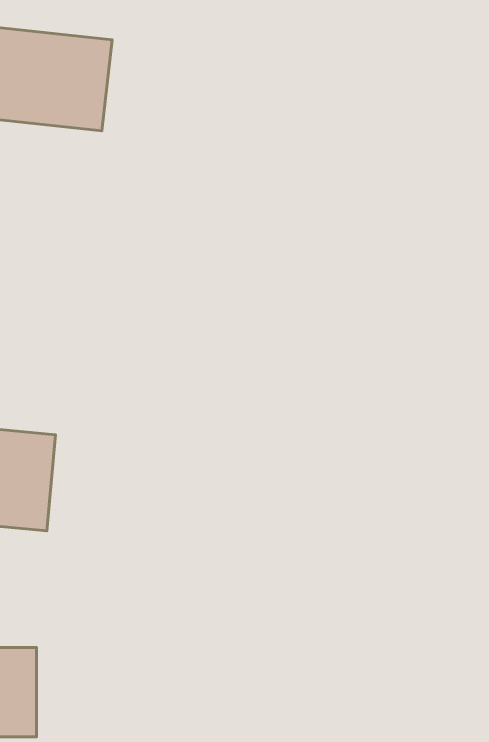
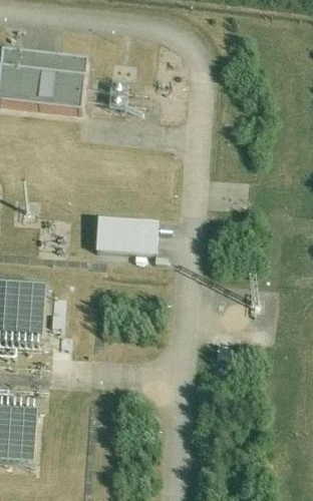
building: none -> [92,213,156,255]

